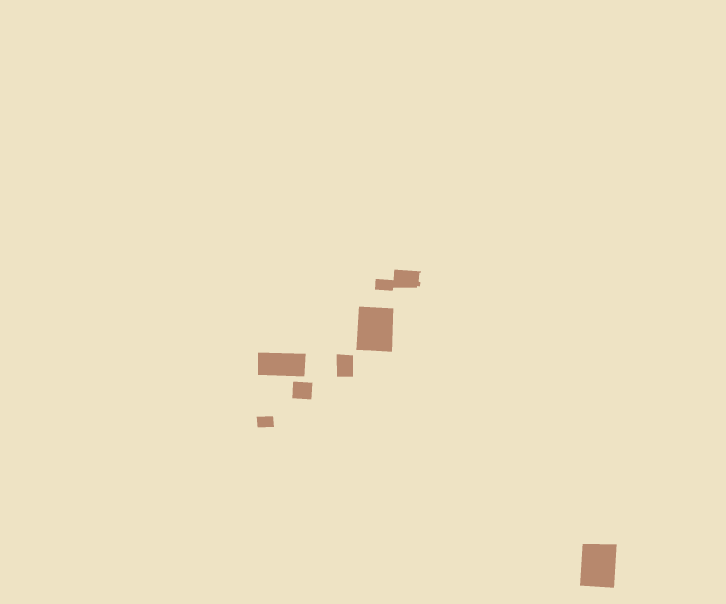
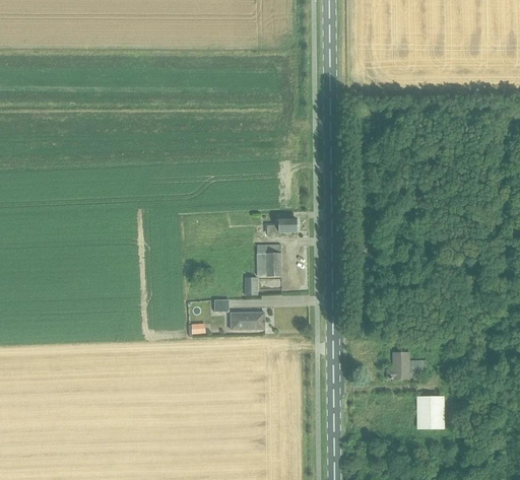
building: [257,352,306,377] -> [231,313,264,330]
building: none -> [386,351,425,378]

